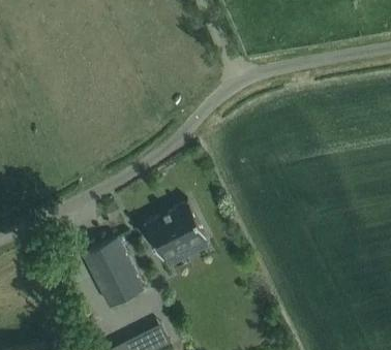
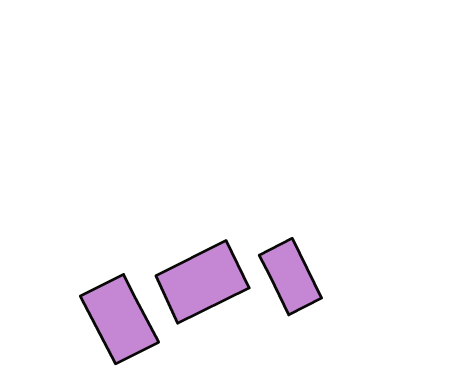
building: none -> [259,238,322,315]

